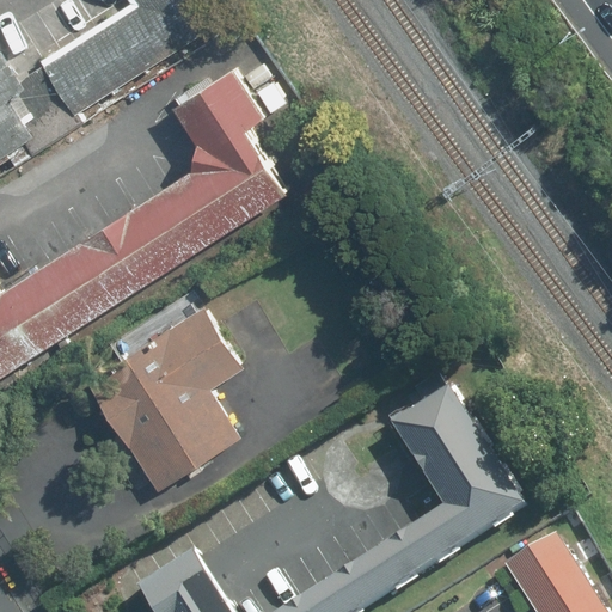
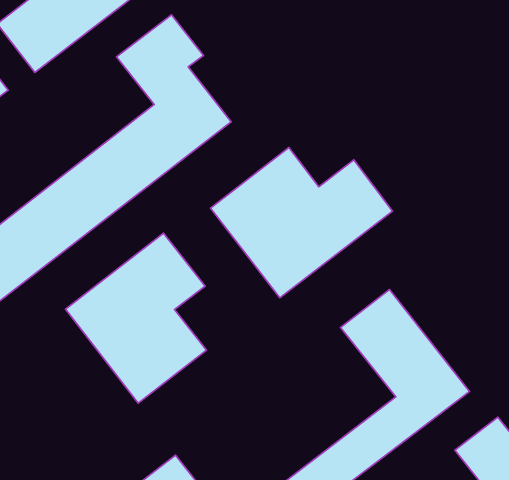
building: none -> [210,148,393,298]

